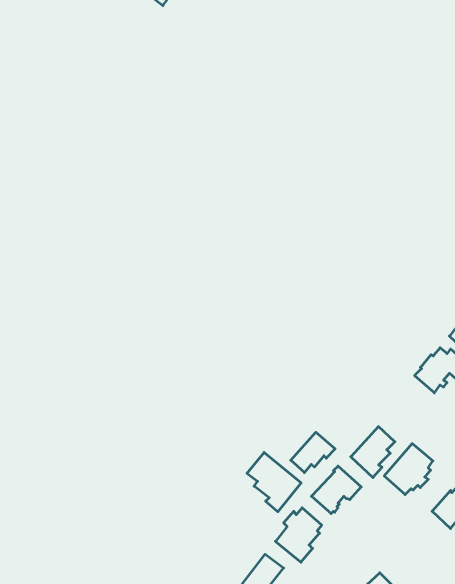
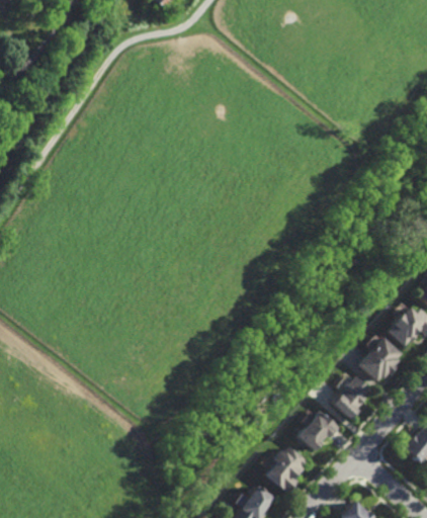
building: [291,432,335,473] -> none
building: [384,444,433,495] -> [358,337,401,381]
building: [247,452,301,512] -> none

